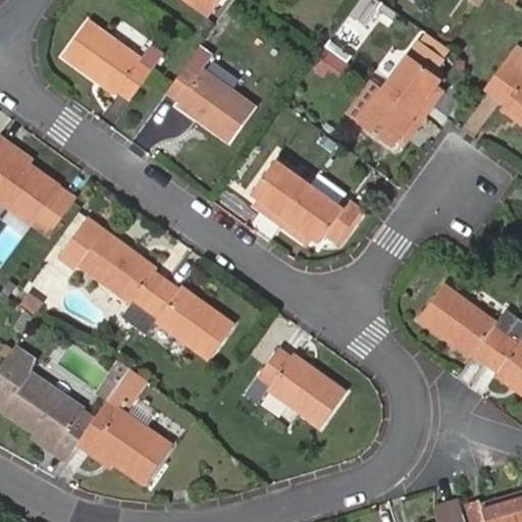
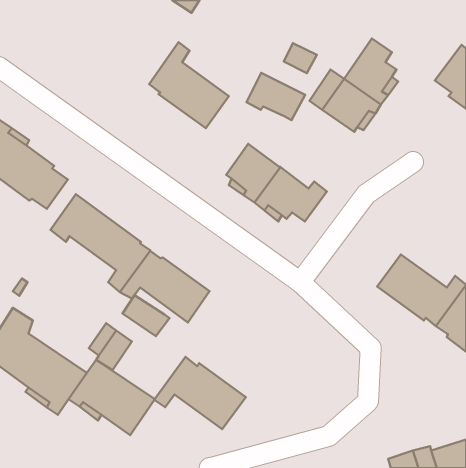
building: [63,22,164,102] -> none
building: none -> [247,73,305,120]
building: none -> [122,295,169,336]
building: [245,347,347,427] -> [154,357,246,429]

